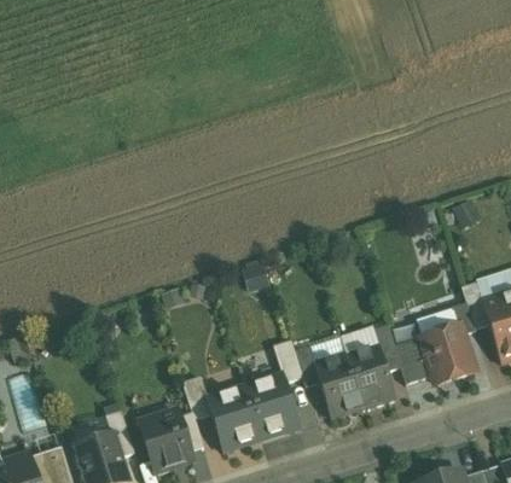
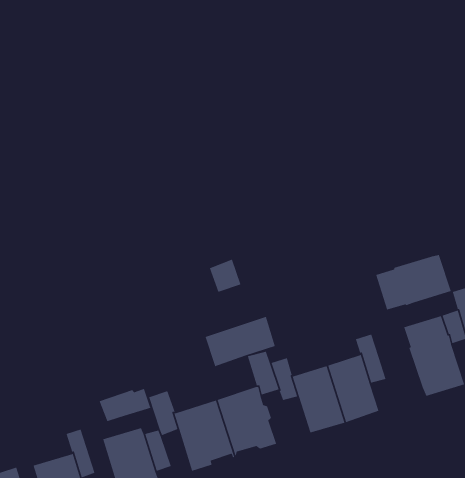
building: none -> [375,254,452,311]
building: none -> [205,316,276,367]
building: [395,339,434,385] -> none
building: none -> [99,388,152,422]

